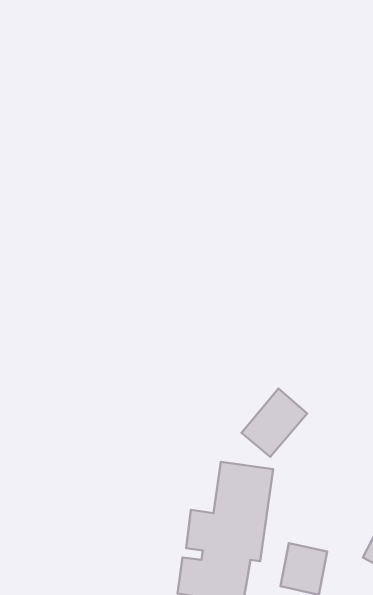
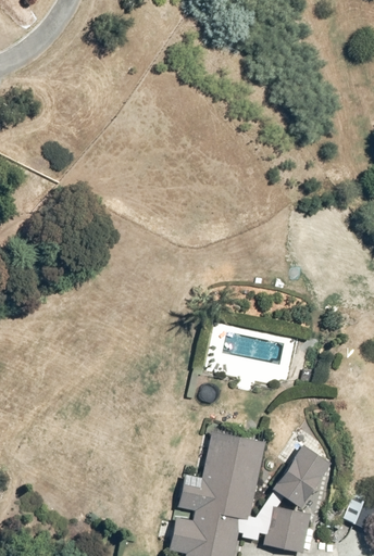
building: [242,389,307,457] -> [273,446,333,508]

